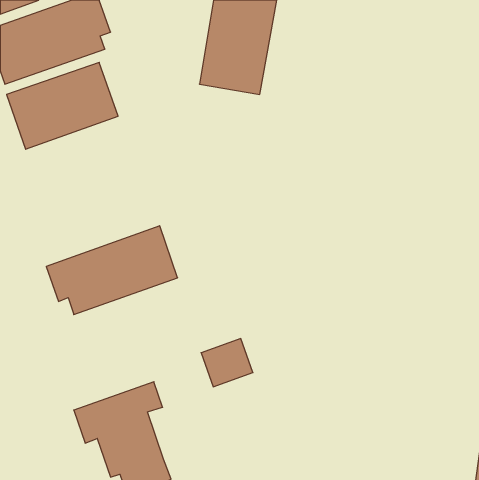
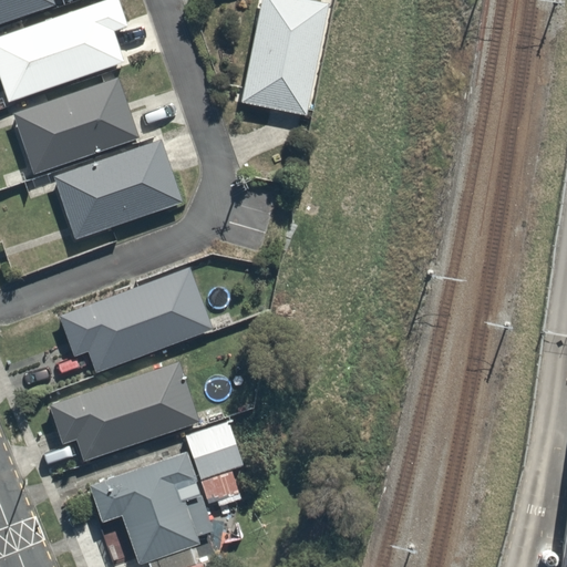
building: none -> [51,140,183,243]
building: none -> [44,360,199,464]
building: [201,339,253,387] -> [184,421,245,477]

